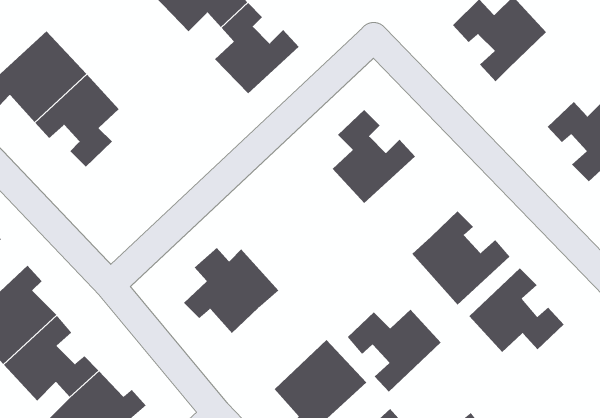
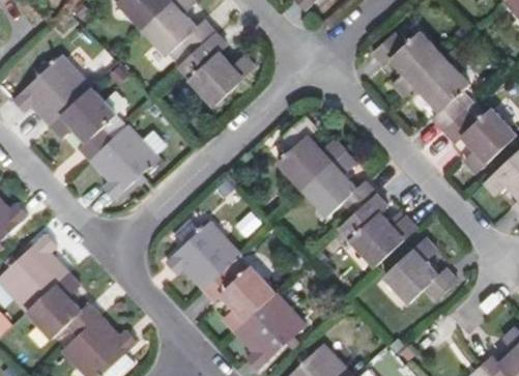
building: none -> [414,56,468,128]
building: none -> [90,125,156,200]
building: none -> [304,151,375,215]
building: [347,309,441,393] -> [202,265,275,329]

